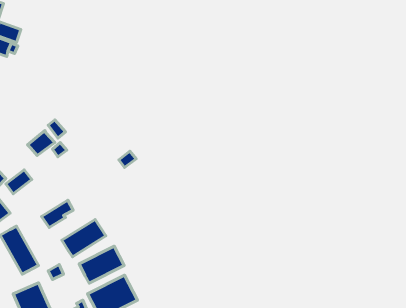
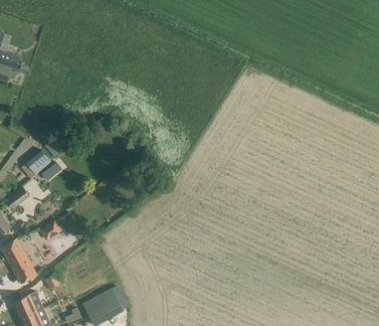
building: [62,219,106,257] -> none
building: [79,246,124,283] -> none

